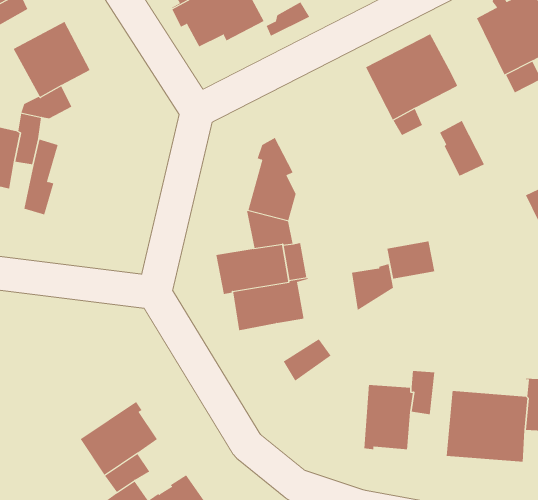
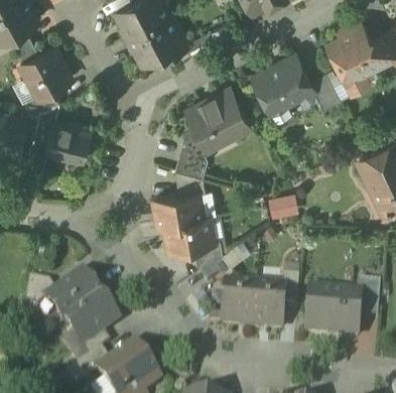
building: none -> [185,87,249,145]
building: [439,120,485,177] -> [308,72,339,109]
building: none -> [41,120,89,161]
building: [351,263,394,311] -> [192,239,221,270]
building: none -> [45,273,100,321]
building: none -> [220,283,253,328]

